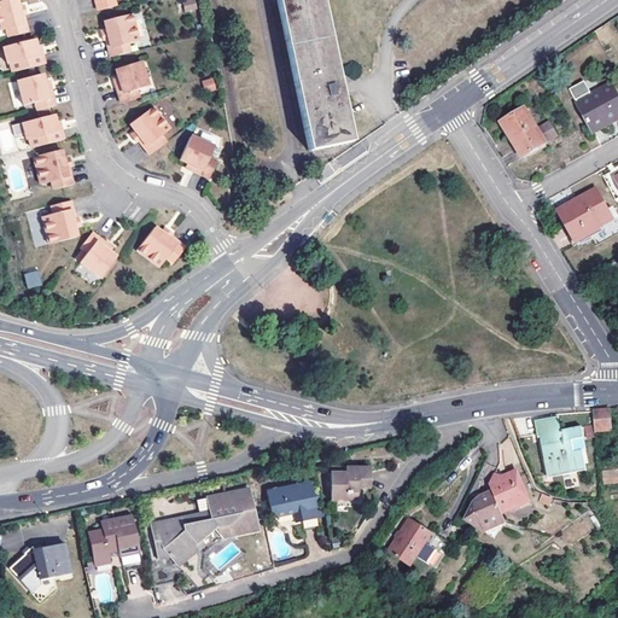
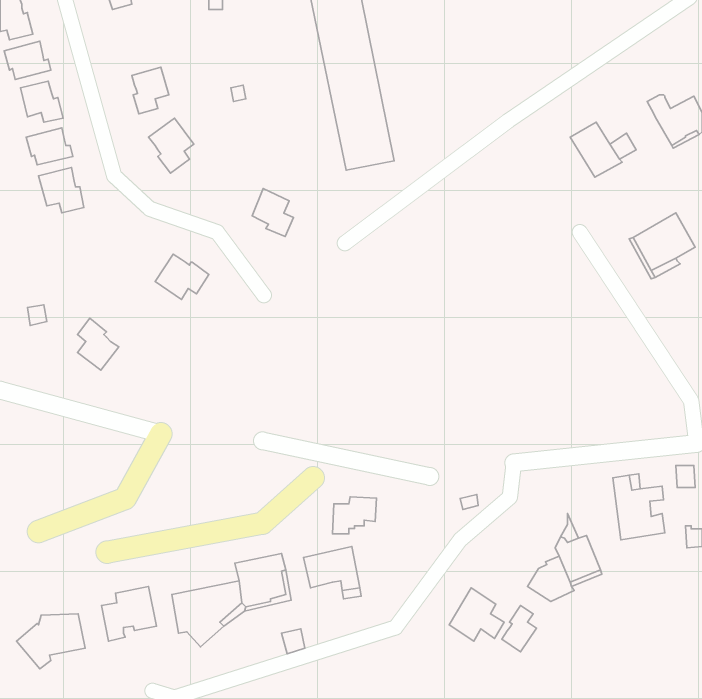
building: [105,11,139,54] -> none
building: [181,133,217,175] -> [252,189,293,237]
building: [42,198,77,241] -> none
building: [80,231,116,276] -> [78,318,119,370]
building: [328,467,367,500] -> [332,497,376,534]
building: none -> [502,606,537,652]

